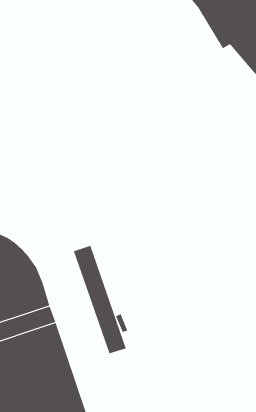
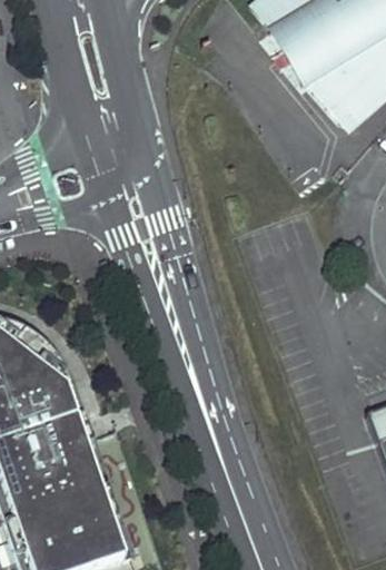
building: [73,245,127,354] -> none

